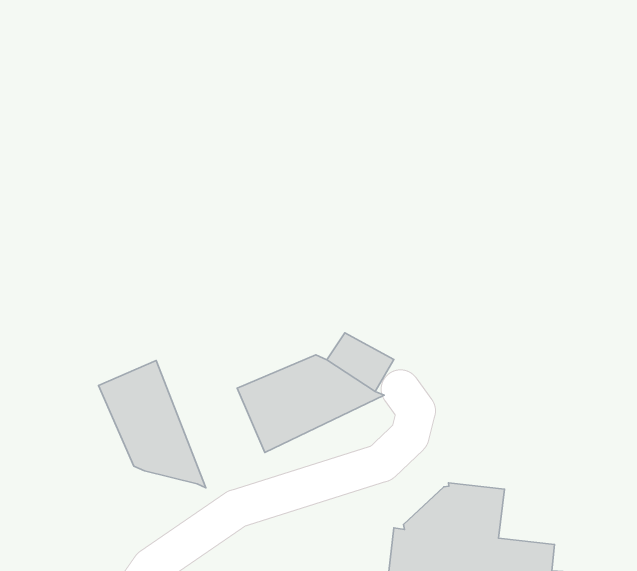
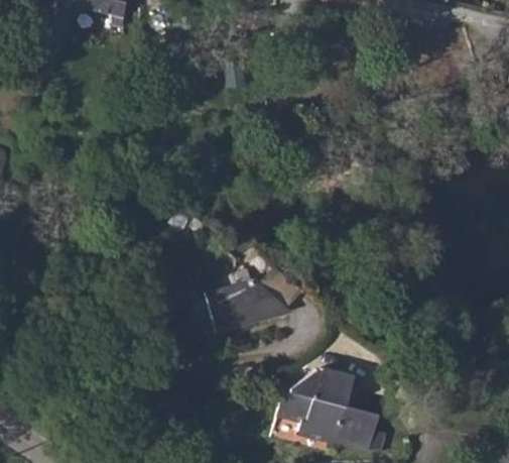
building: [99,361,206,488] -> none

